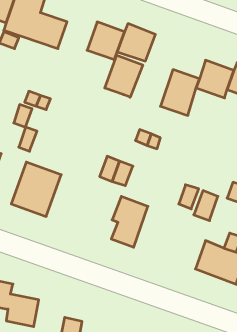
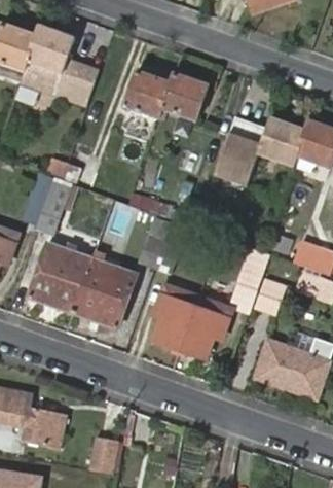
building: [105,55,143,97] -> none
building: none -> [73,259,134,326]
building: none -> [181,299,232,358]

